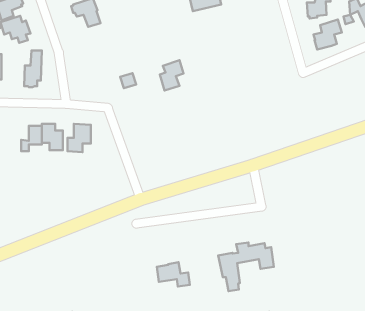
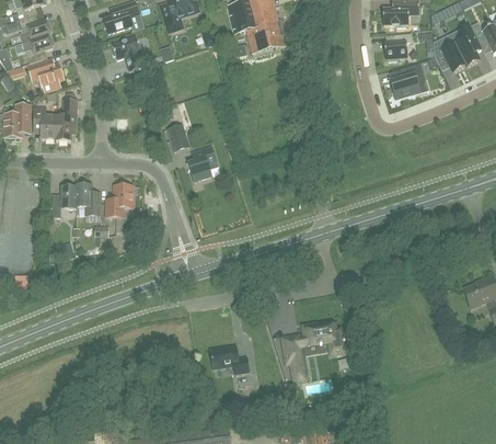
building: none -> [33,107,56,140]
building: [160,60,183,90] -> [187,146,215,181]

